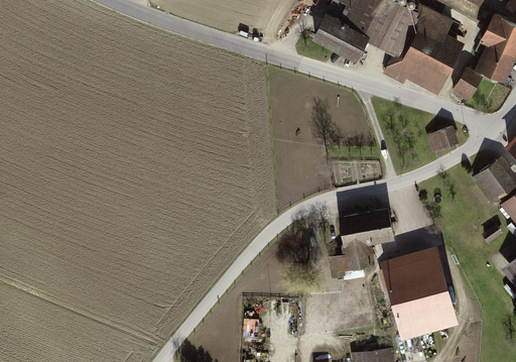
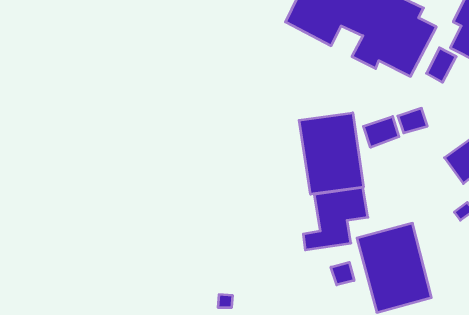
building: none -> [299,113,363,194]
building: none -> [363,116,399,147]
building: none -> [331,262,354,285]

